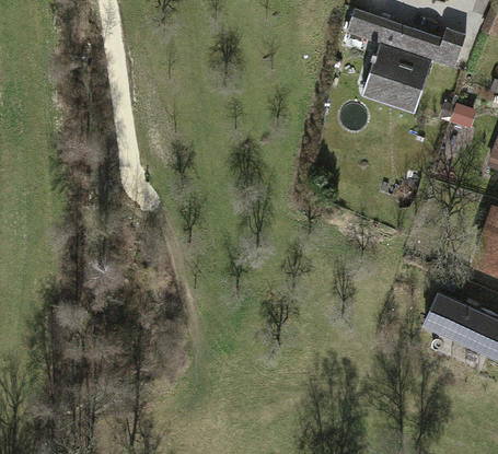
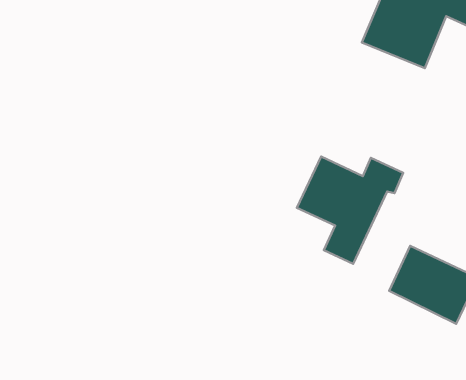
building: none -> [297,157,403,264]

